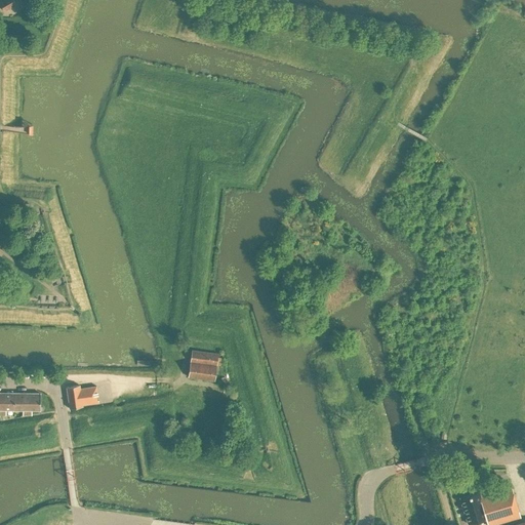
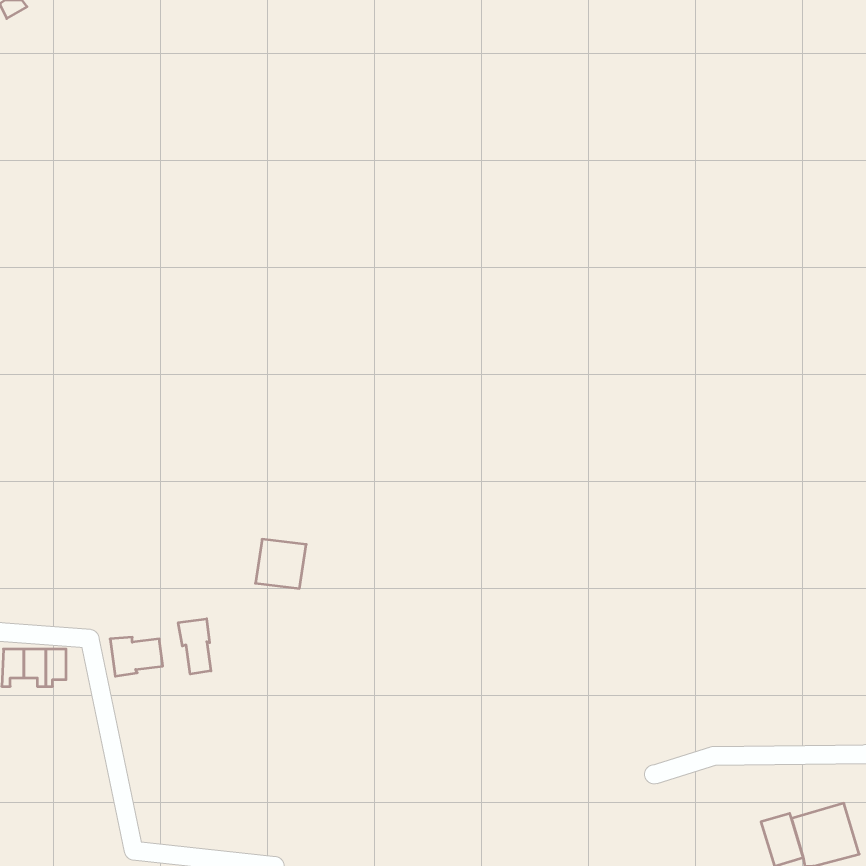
building: [188,351,218,380] -> [255,539,306,588]
building: none -> [178,619,211,674]

